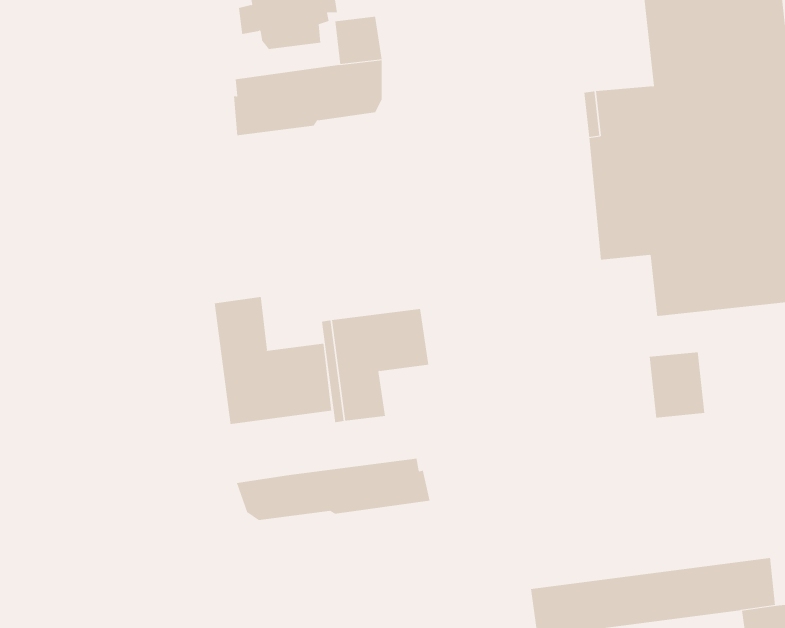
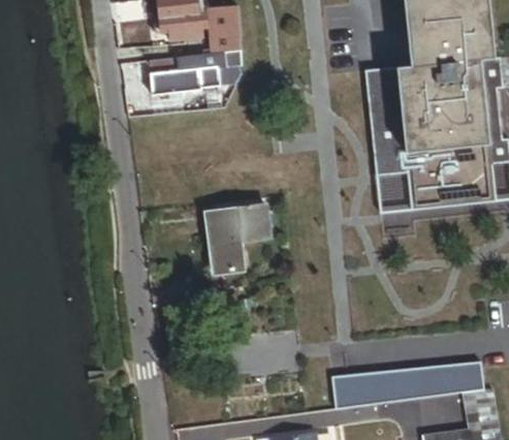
building: [214,296,332,425] -> none
building: [649,352,705,418] -> [377,171,412,213]
building: [236,458,430,521] -> none

